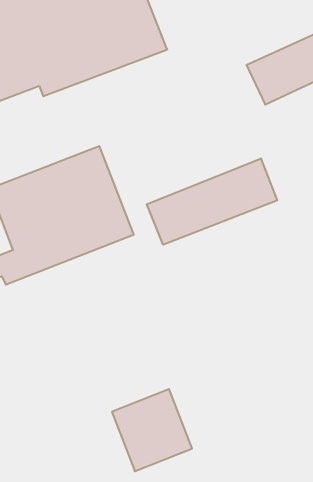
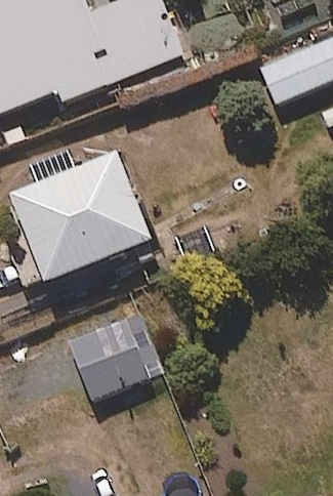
building: [147,158,277,245] -> none
building: [112,389,192,471] -> [73,318,152,399]

